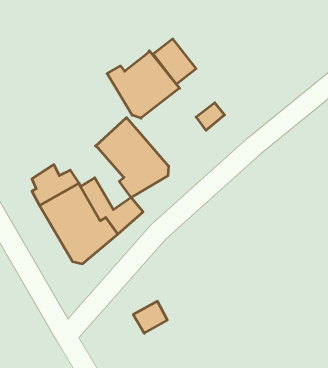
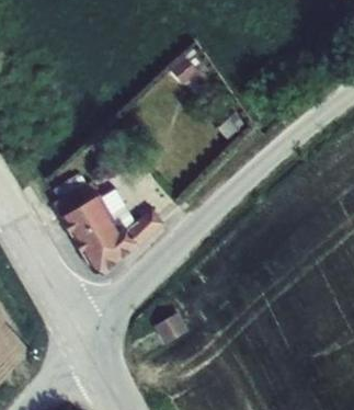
building: [107,51,180,118] -> none
building: [95,118,169,198] -> none

